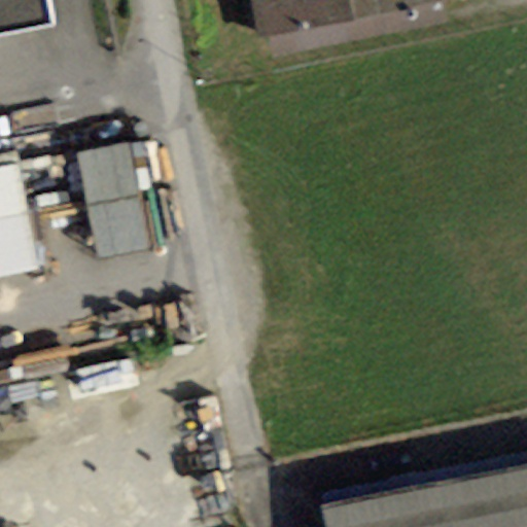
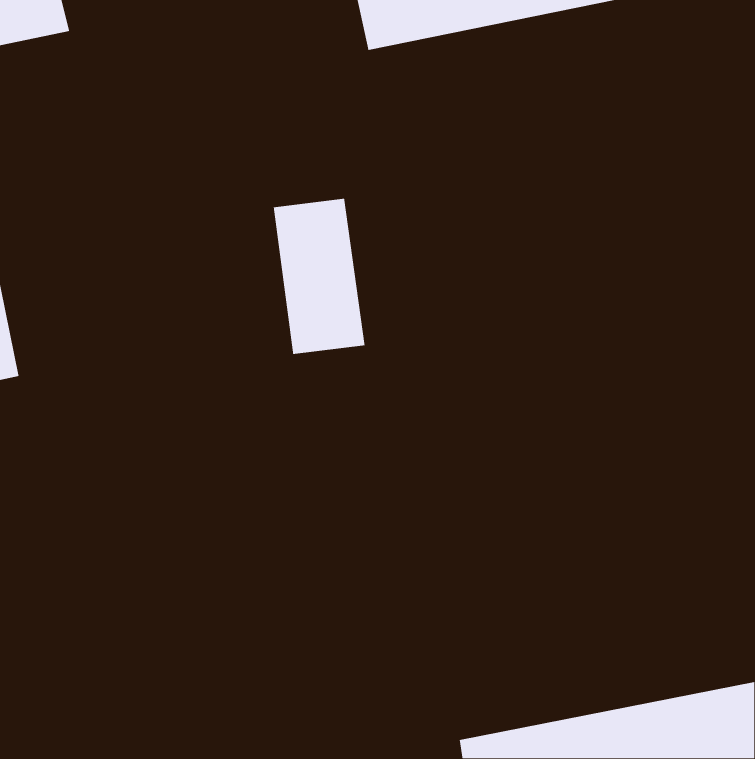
building: [83,136,147,244] -> [273,198,366,355]

